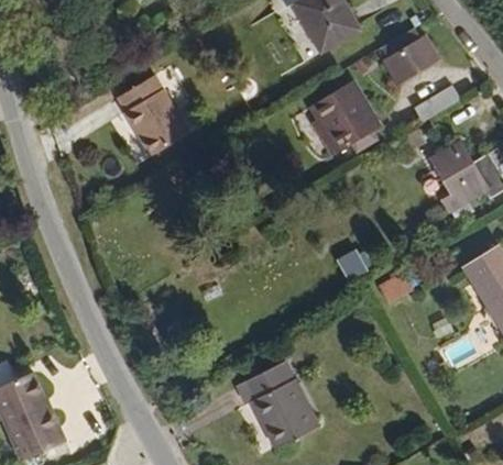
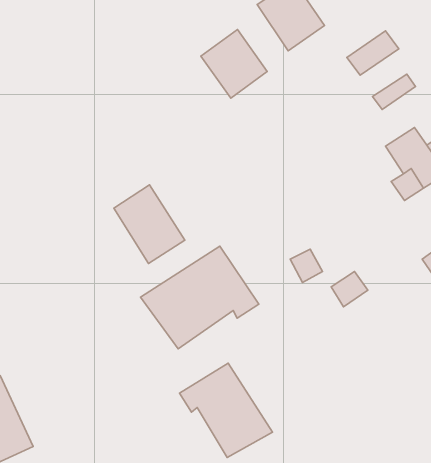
building: [110,79,181,157] -> [114,185,185,263]
building: [316,85,382,153] -> [201,29,267,98]
building: none -> [141,246,259,349]

